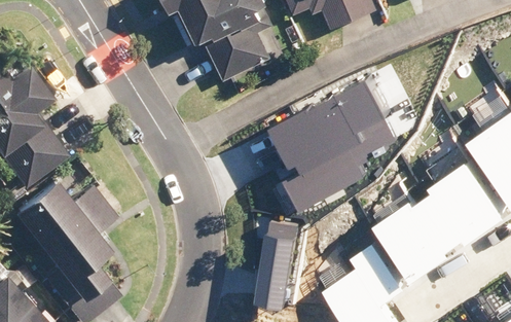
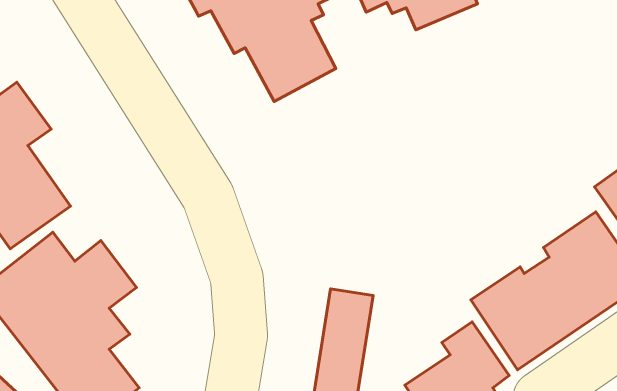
building: [267,81,396,213] -> none

